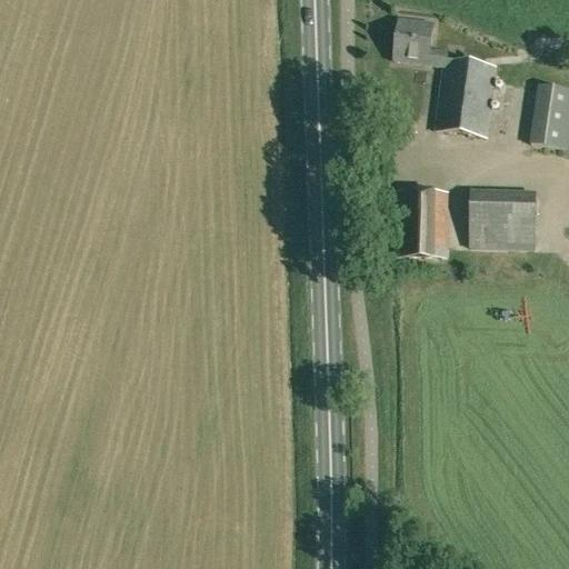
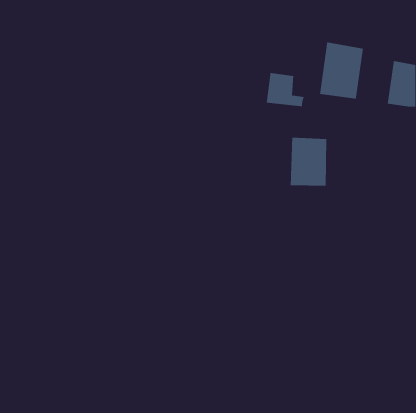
building: [395,17,448,64] -> [266,72,305,107]
building: [469,188,536,248] -> none

